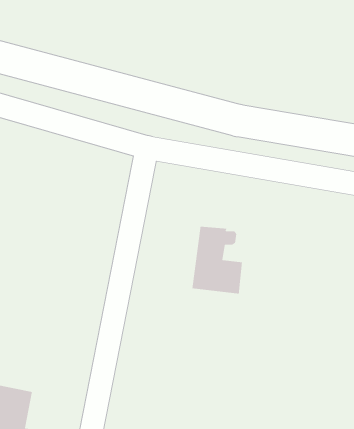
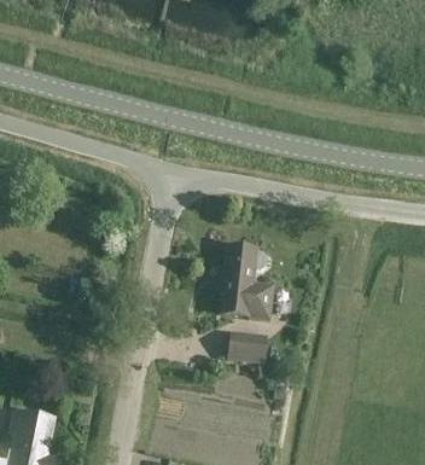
building: none -> [227,330,266,360]

